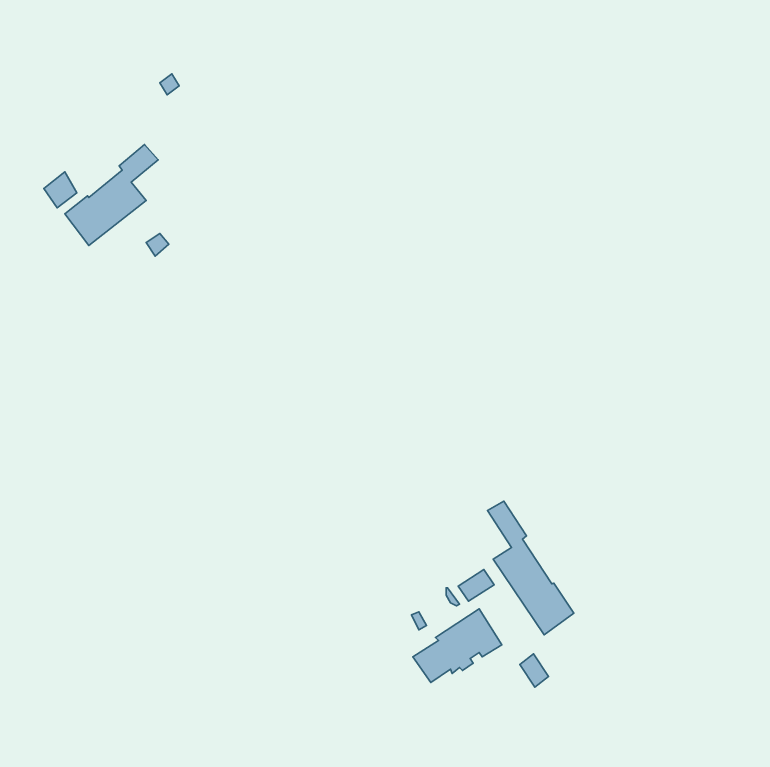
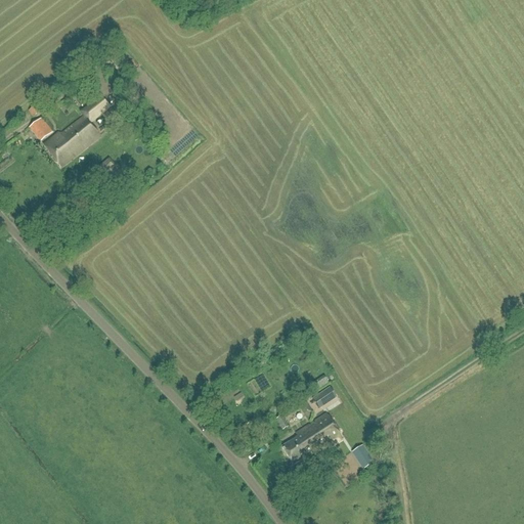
building: [487,501,574,635] -> none

